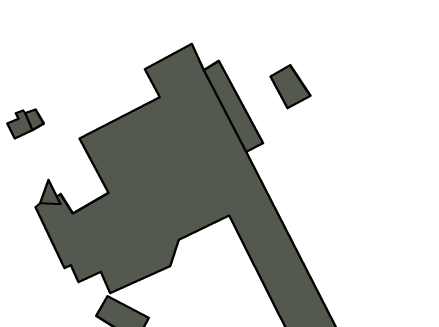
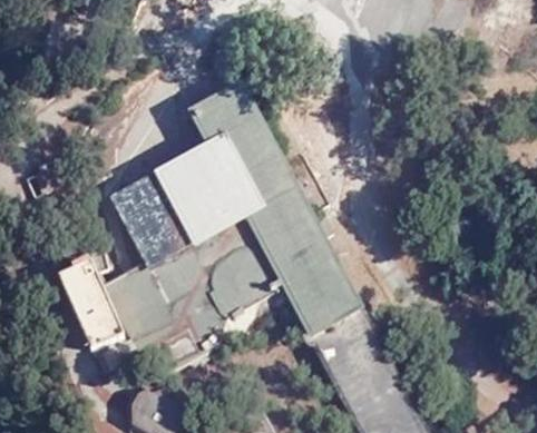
building: [271,65,310,108] -> none

